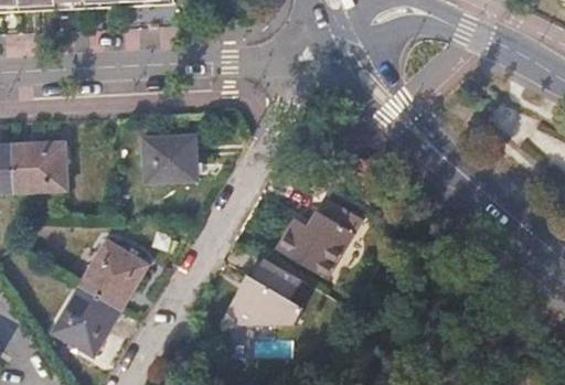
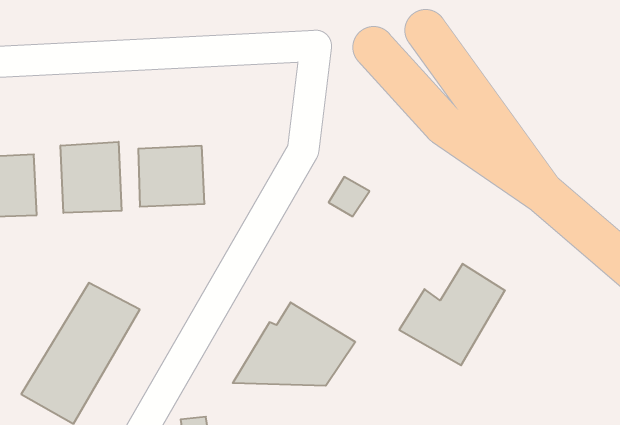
building: none -> [61,142,122,213]
building: [278,196,361,276] -> [399,264,505,365]

